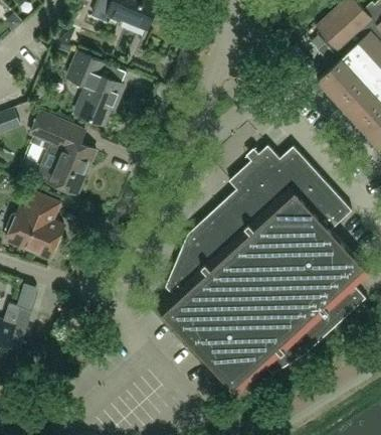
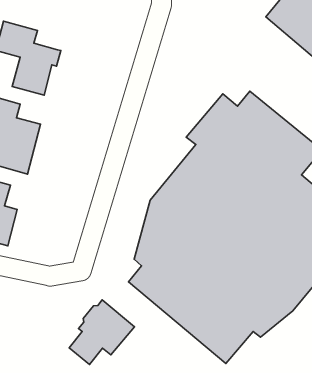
building: none -> [69,300,134,365]

